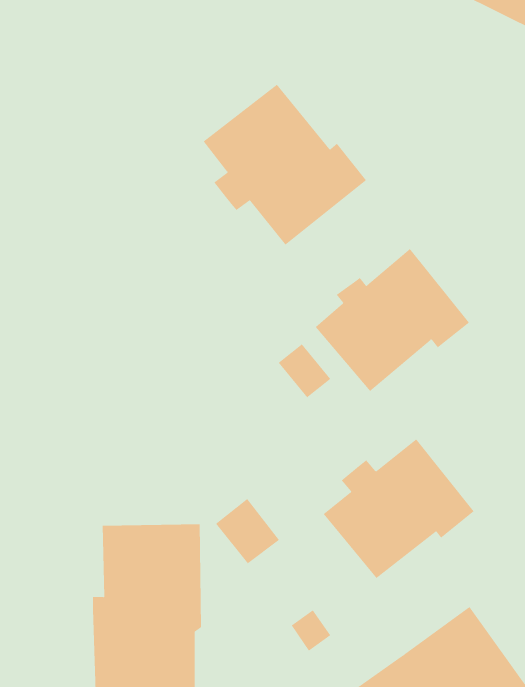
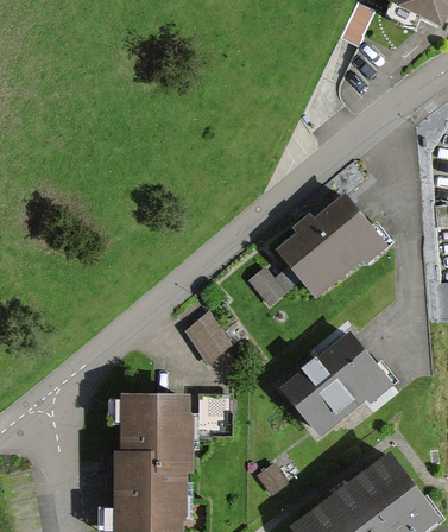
building: [203,84,367,246] -> none
building: [215,498,280,564] -> [184,309,232,357]

